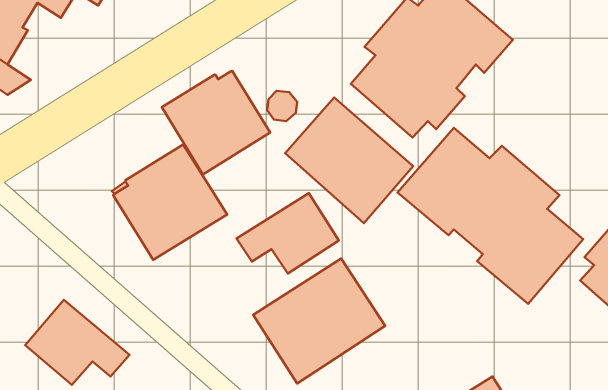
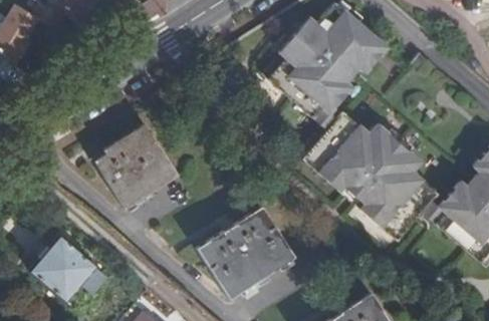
building: [162,71,270,174] -> none
building: [285,98,413,223] -> none
building: [237,193,339,273] -> none

